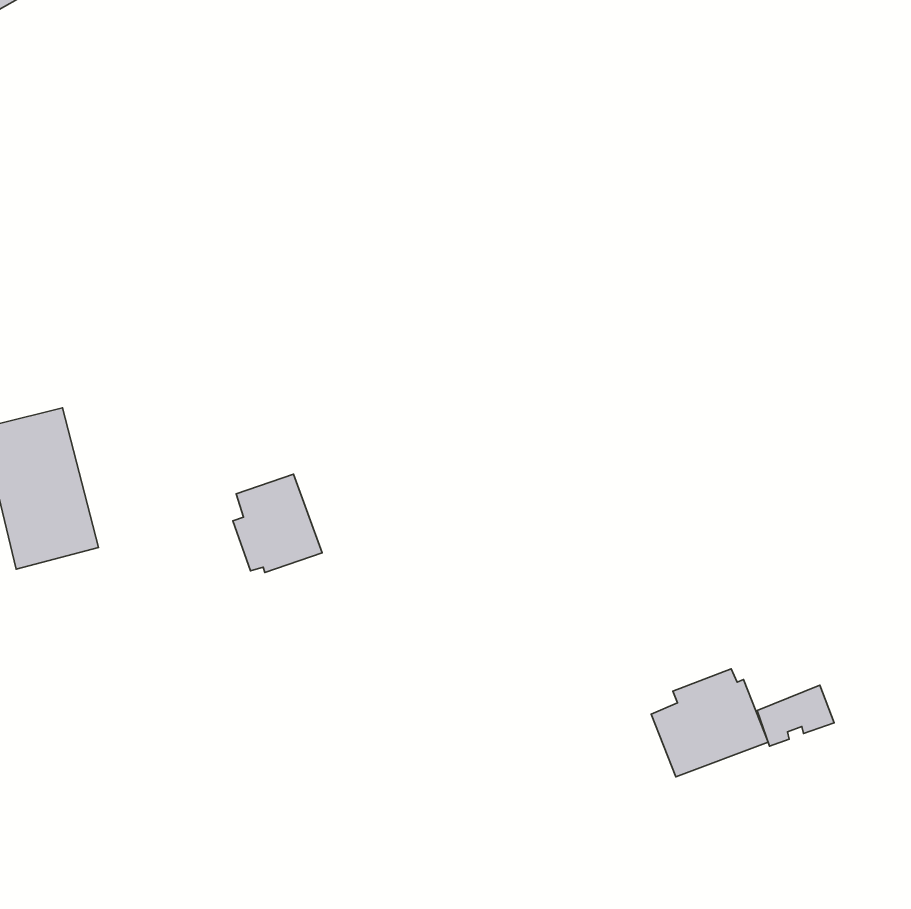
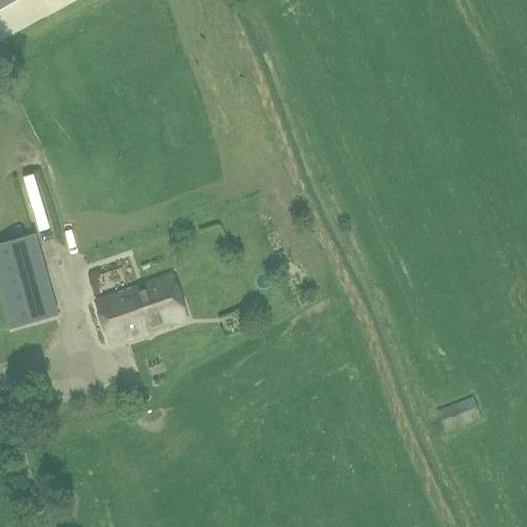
building: none -> [98,284,144,340]
building: [651,669,768,777] -> none

